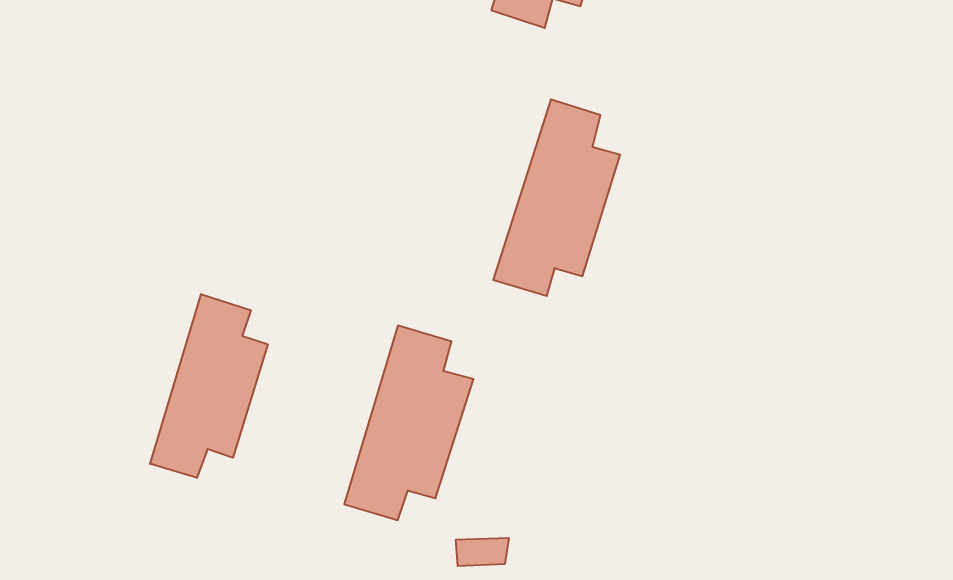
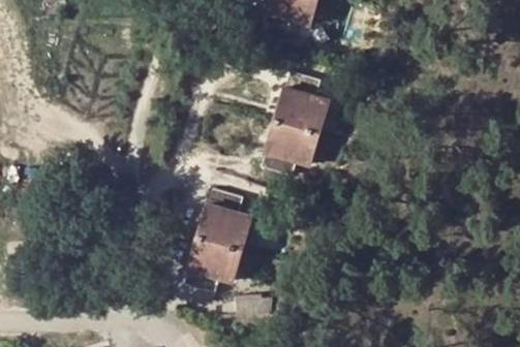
building: [150,294,268,478] -> none

